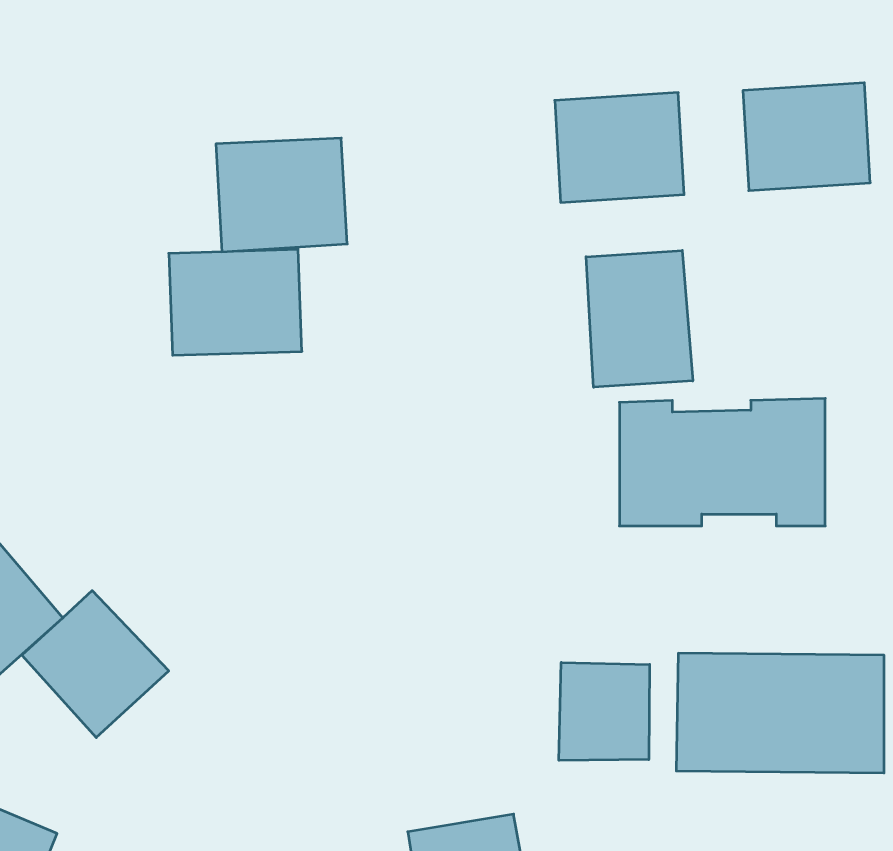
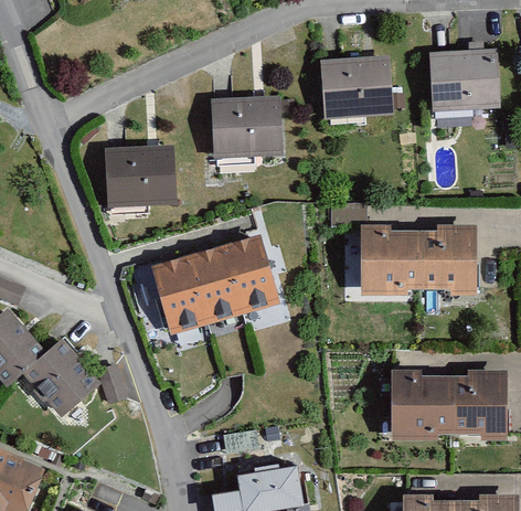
building: [216,138,347,252] -> [210,94,284,158]
building: [586,250,693,387] -> none
building: none -> [147,233,279,334]
building: [559,662,650,760] -> none

